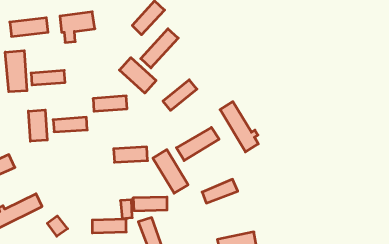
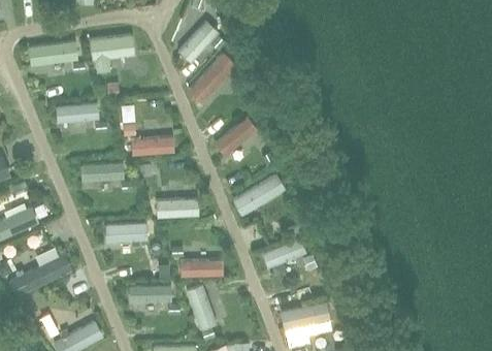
building: [5,51,27,92] -> none
building: [119,58,156,93] -> none
building: [220,102,258,152] -> none
building: [28,110,47,141] -> none
building: [153,150,188,193] -> none
building: none -> [106,222,147,241]

